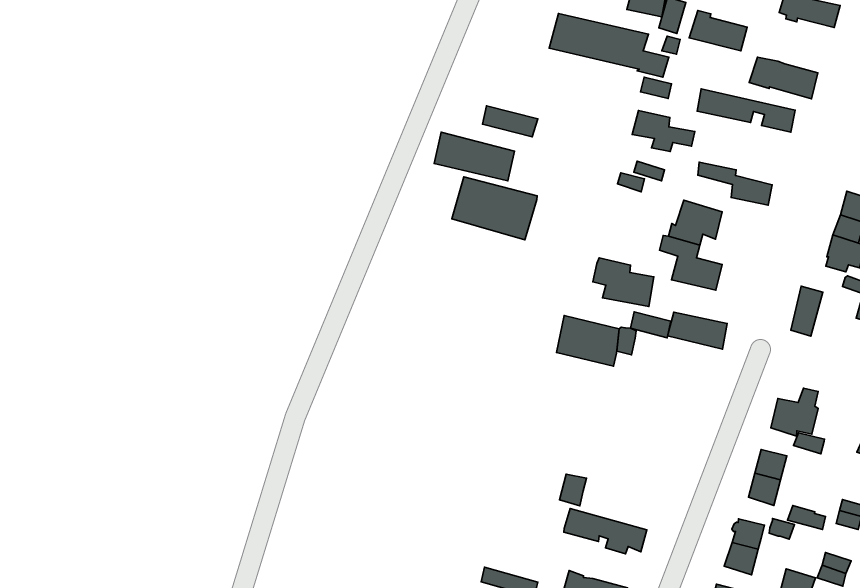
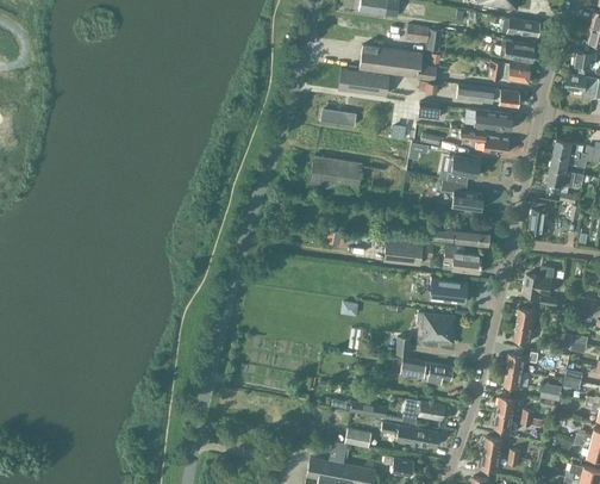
building: [689,11,747,51] -> [499,39,535,62]
building: [434,132,515,181] -> [338,69,388,95]
building: none -> [473,111,512,131]
building: [593,258,654,307] -> [443,246,481,273]
building: none -> [429,277,465,299]
building: none -> [415,314,455,343]

